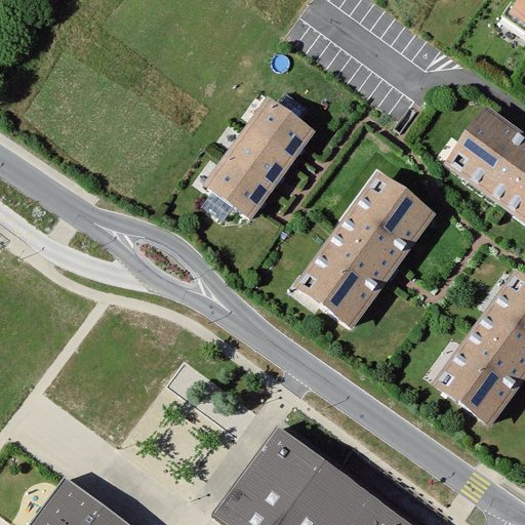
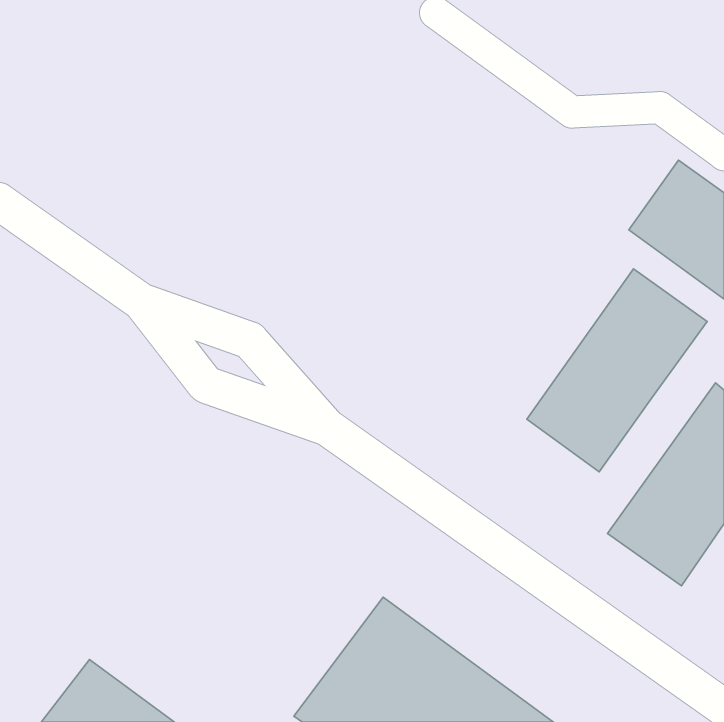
building: [212,106,312,215] -> none
building: [302,180,433,327] -> [527,269,707,472]

